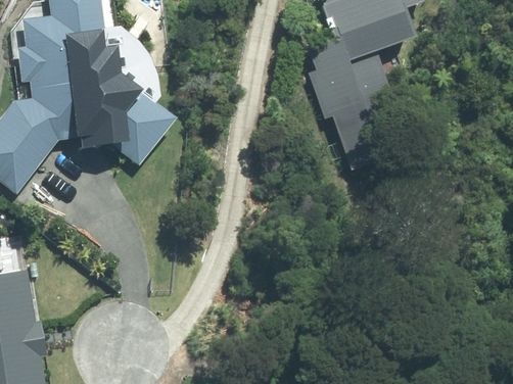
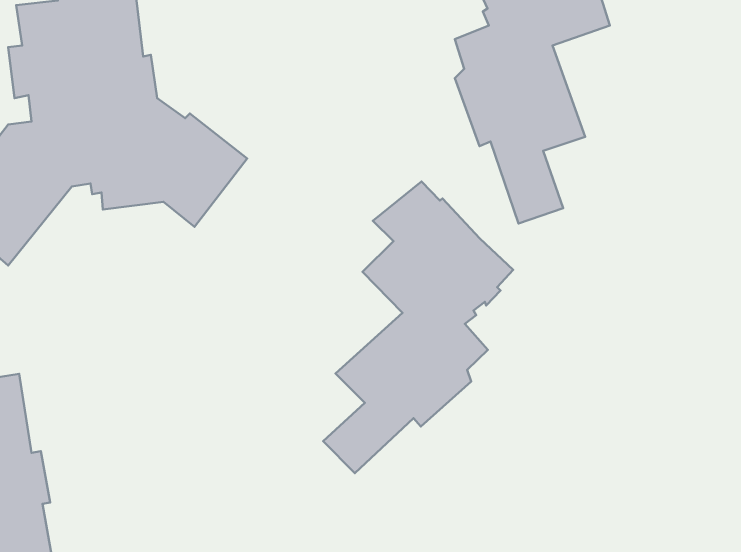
building: none -> [323,182,513,473]

